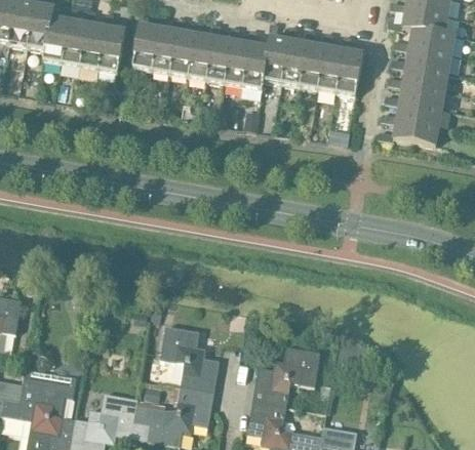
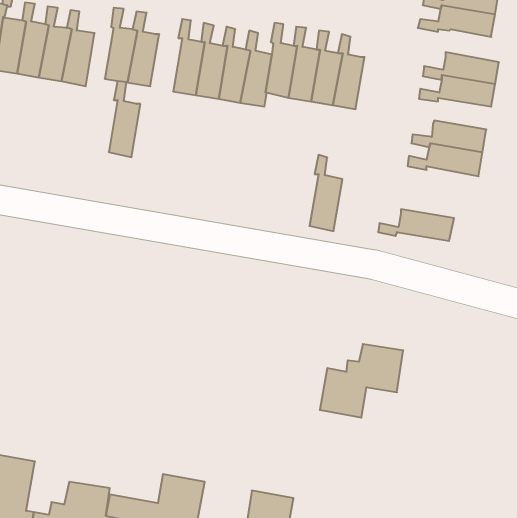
building: [170,16,196,78] -> [109,81,140,157]
building: [394,28,456,54] -> none
building: [337,35,363,96] -> [309,155,342,231]
building: [385,83,446,109] -> [378,209,454,241]
building: [160,326,220,394] -> none
building: [252,347,320,407] -> [320,344,403,418]

